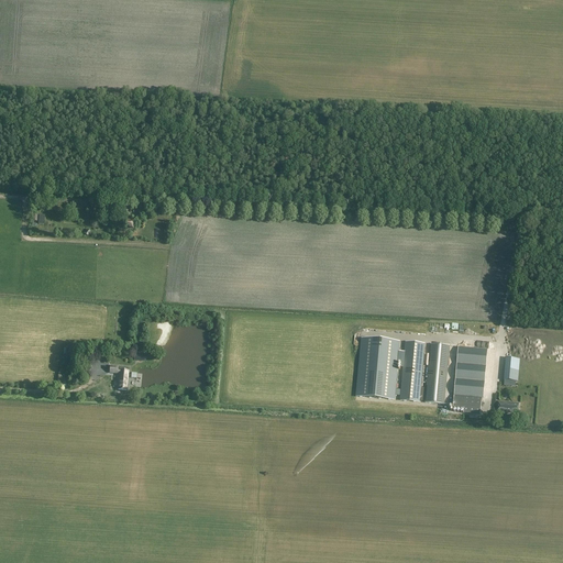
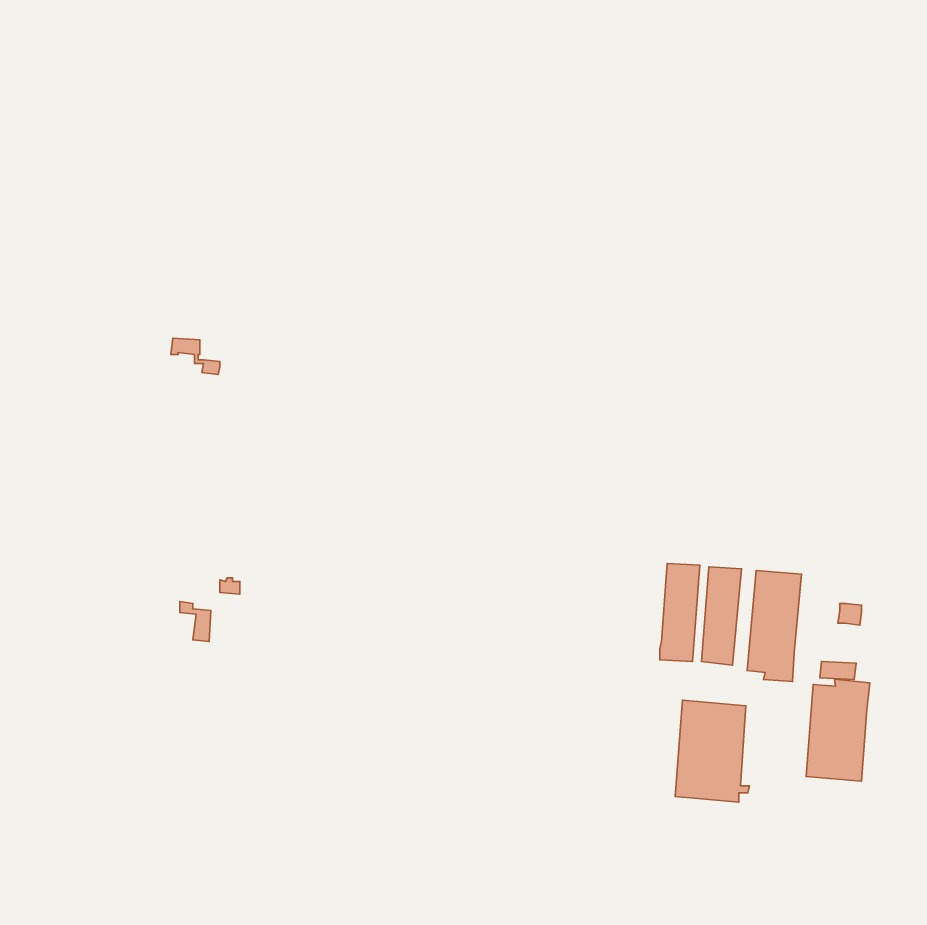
building: [355,336,400,398] -> [675,700,750,802]
building: none -> [806,679,870,781]

